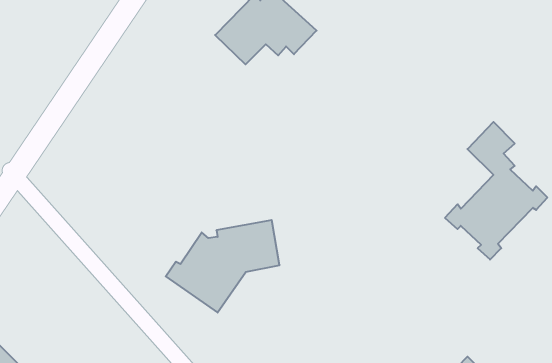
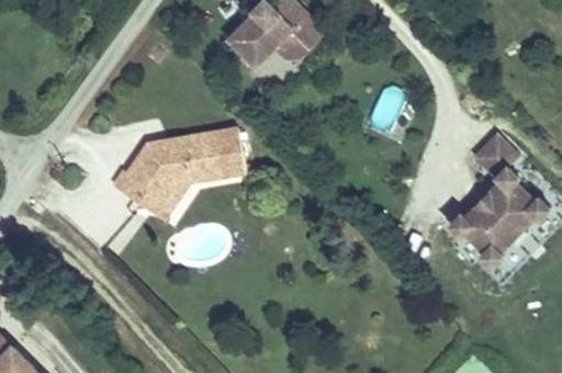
building: [166,220,280,313] -> [121,134,232,224]

